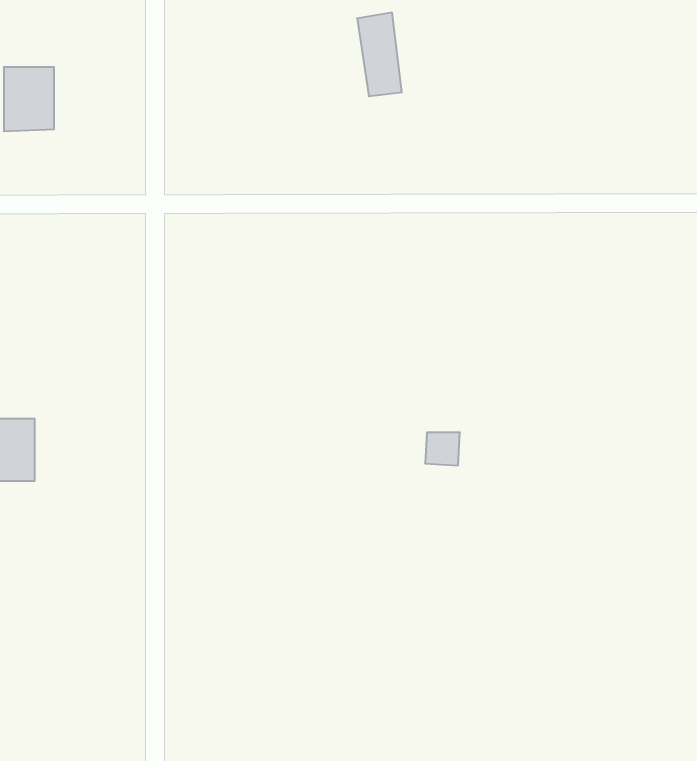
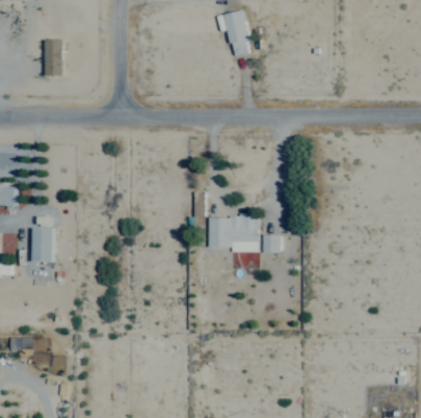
building: none -> [209,215,259,252]

